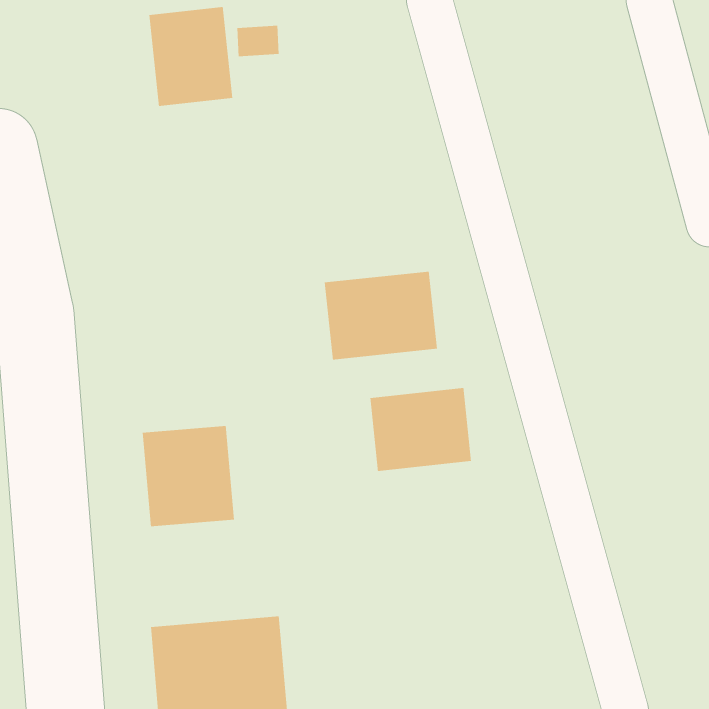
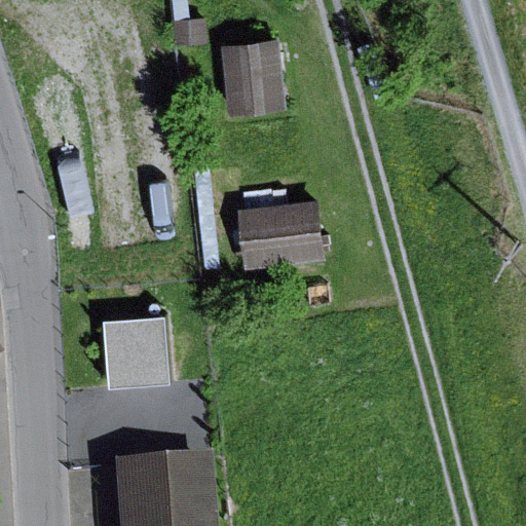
building: [148,6,233,107] -> [220,41,283,115]
building: [370,387,472,472] -> none

